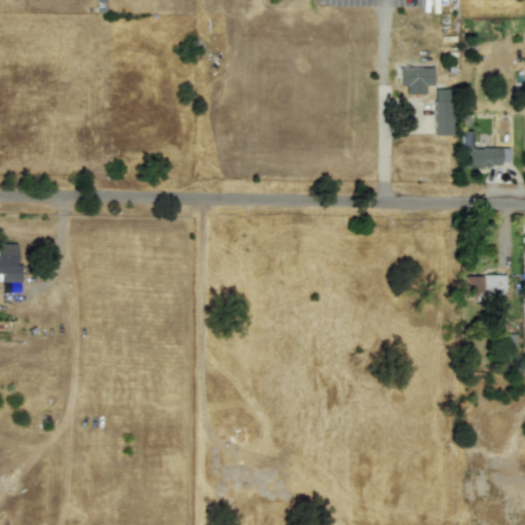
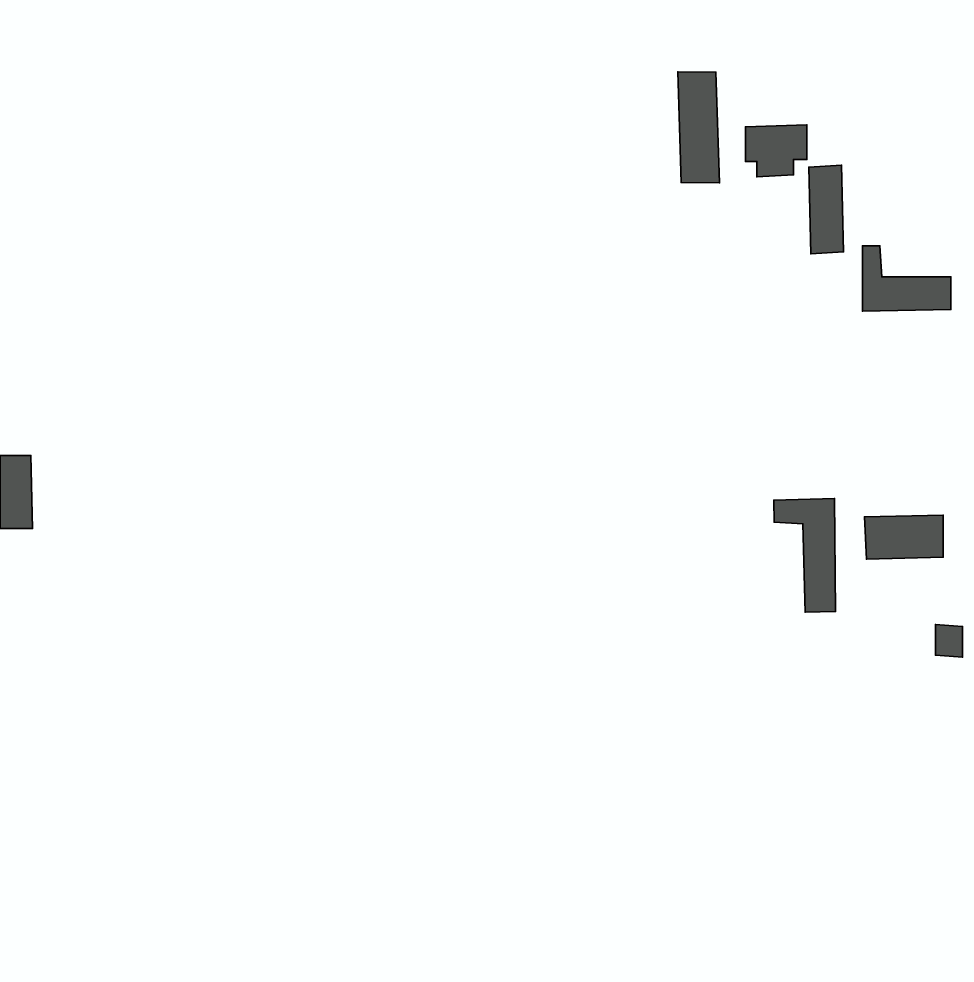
building: none -> [678,72,719,183]
building: none -> [774,499,835,612]

